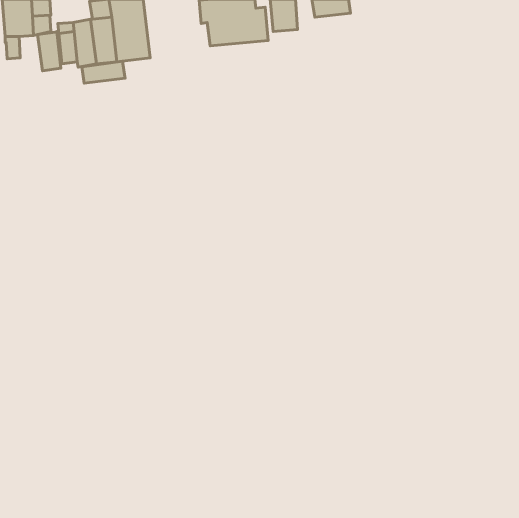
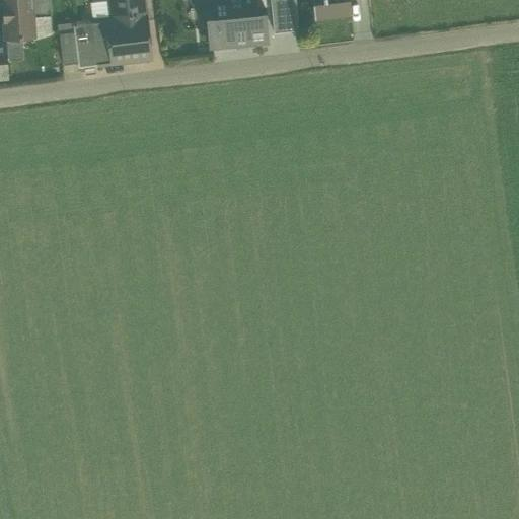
building: [38,32,61,71] -> none
building: [82,61,125,83] -> none

